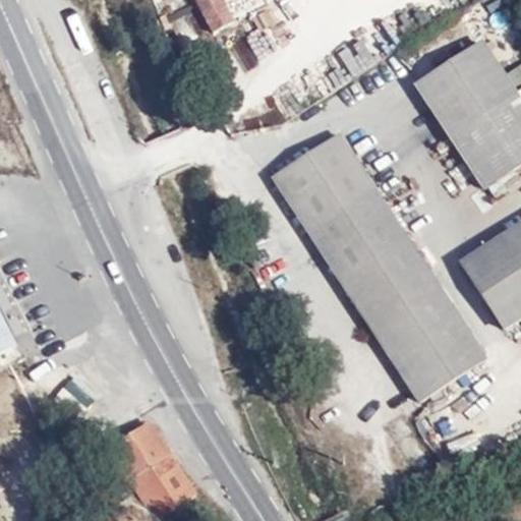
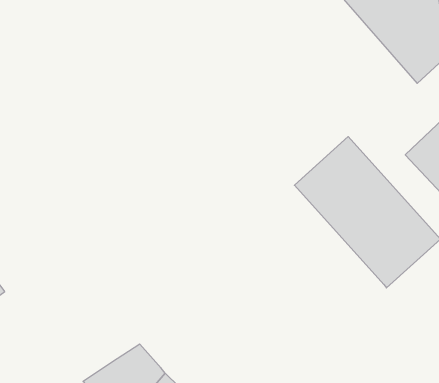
building: [271,130,403,277] -> none

